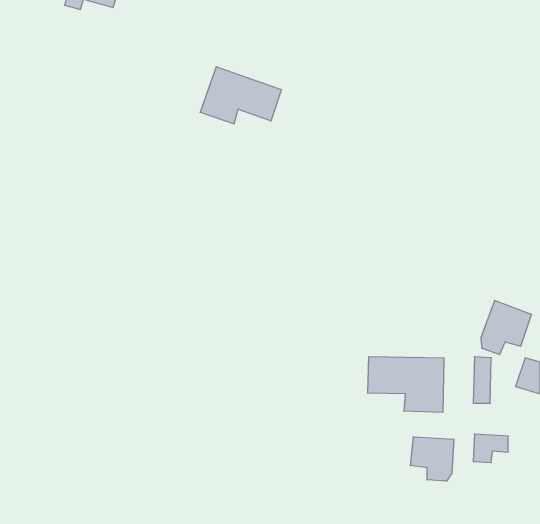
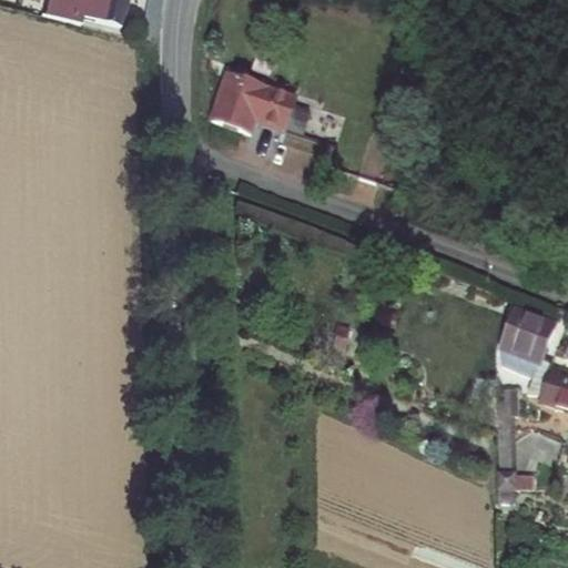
building: [368,357,444,412] -> none
building: [411,437,454,481] -> none

